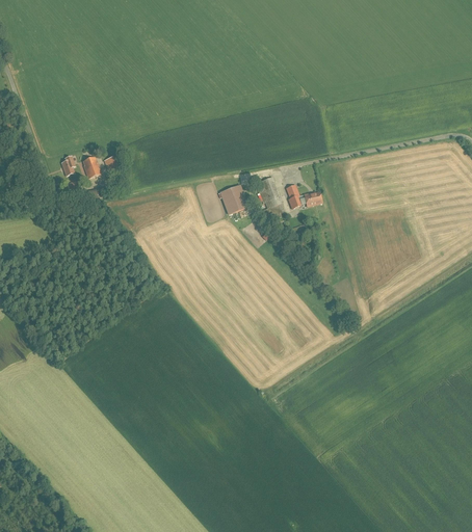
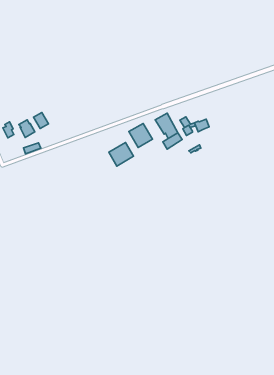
building: none -> [109,143,134,166]

